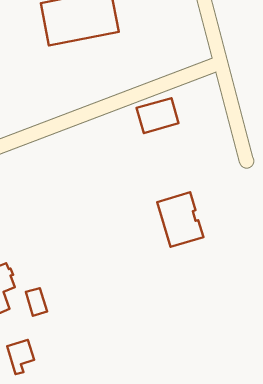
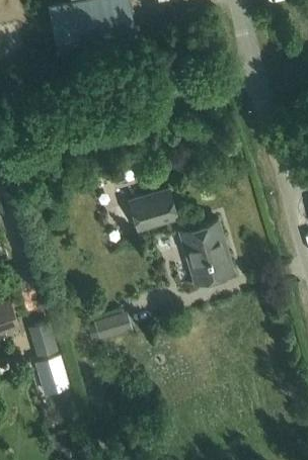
building: [137,98,179,133] -> [129,190,176,229]
building: none -> [94,312,132,341]
building: [7,340,34,374] -> [34,355,65,393]

